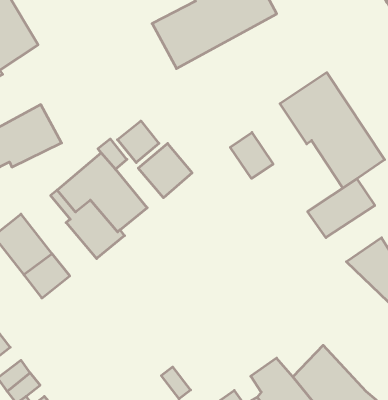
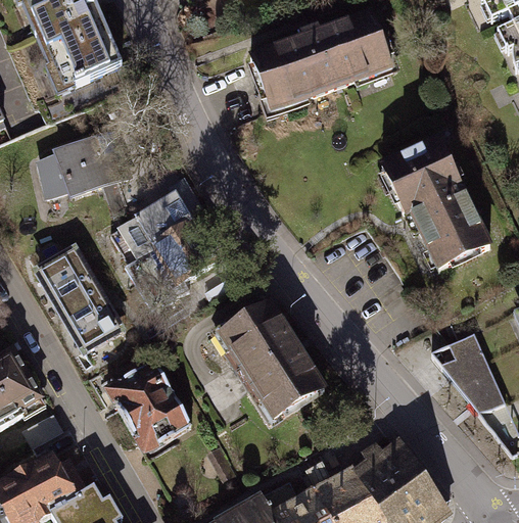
building: [117,121,159,163] -> none
building: [230,132,273,178] -> none
building: [138,143,192,198] -> none
building: [308,179,375,238] -> none
building: none -> [216,302,324,422]
building: none -> [106,361,192,454]

